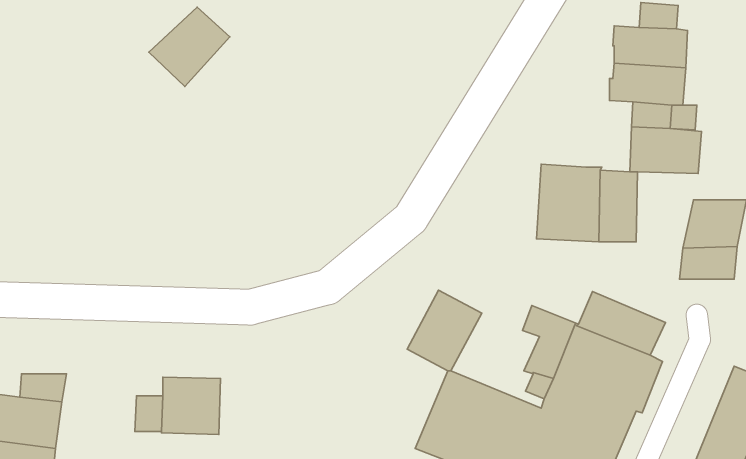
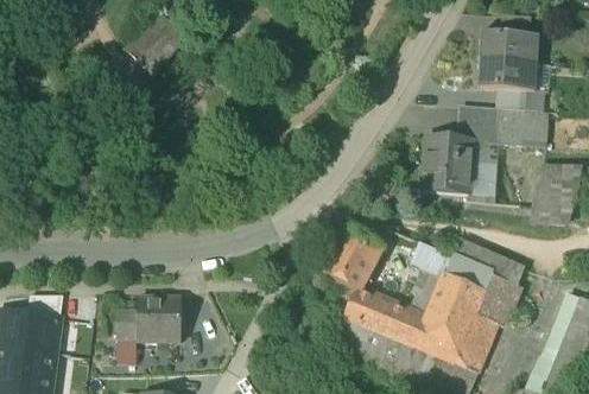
building: none -> [460,104,494,141]

